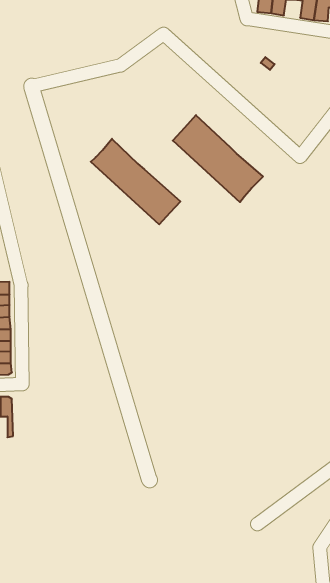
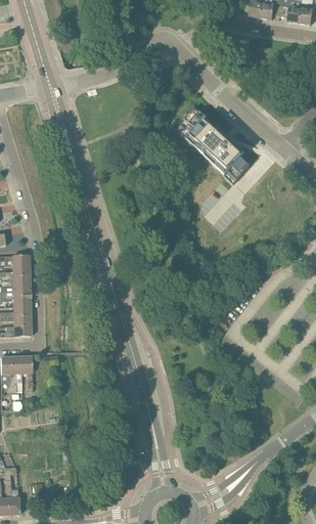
building: [91,139,180,224] -> none

